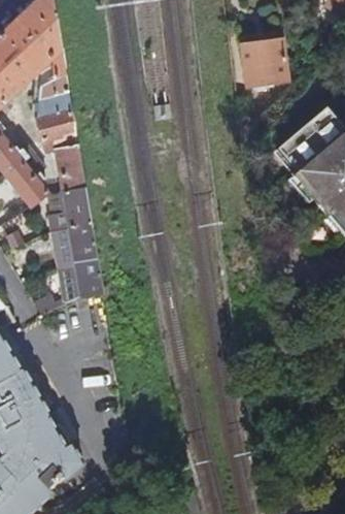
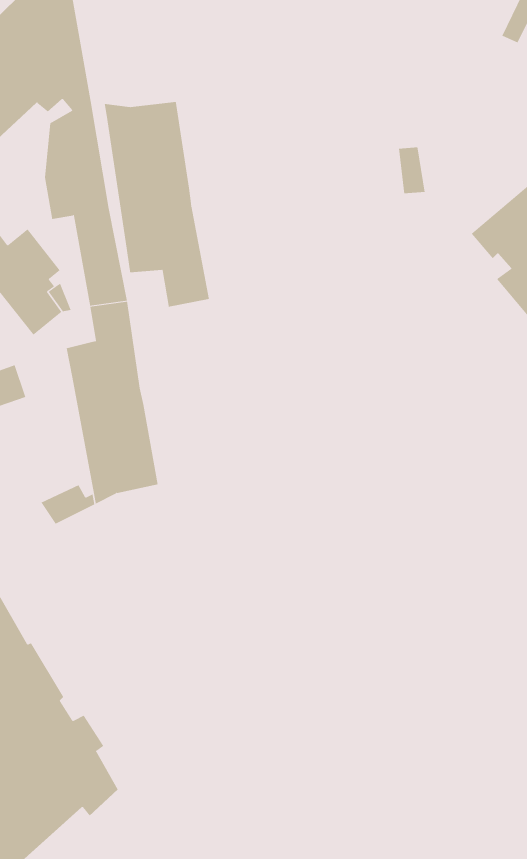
building: [242,40,290,88] -> none
building: none -> [104,101,210,308]

